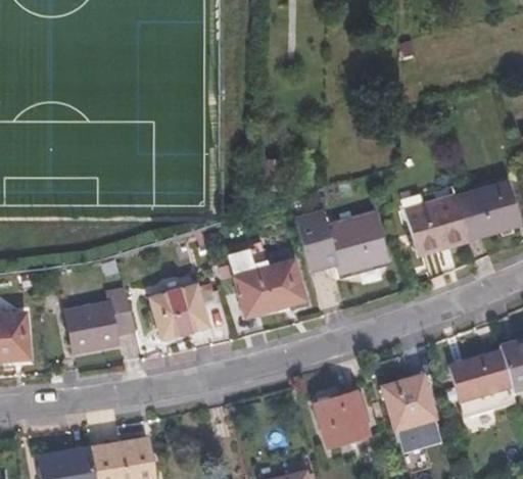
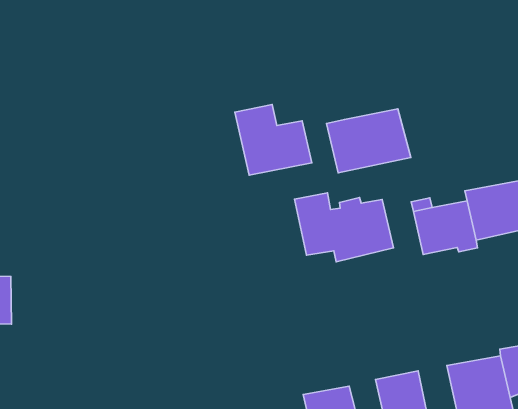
building: none -> [326,109,411,173]
building: [228,244,304,313] -> [235,104,312,175]
building: [154,287,212,339] -> none
building: [63,299,121,351] -> none

